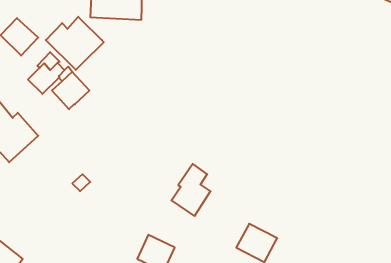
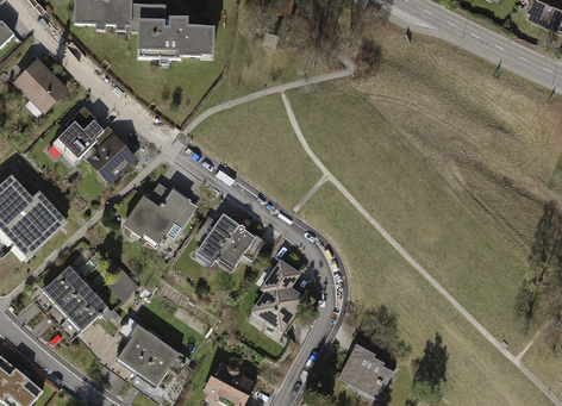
building: [46,17,104,70] -> none
building: none -> [131,180,195,246]
building: none -> [196,210,264,264]
building: none -> [44,264,107,330]
building: none -> [120,326,177,381]

